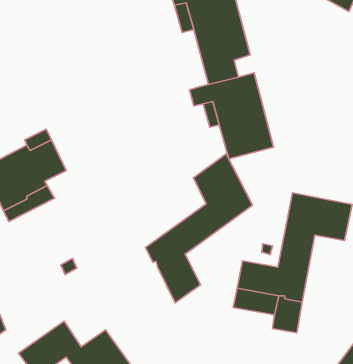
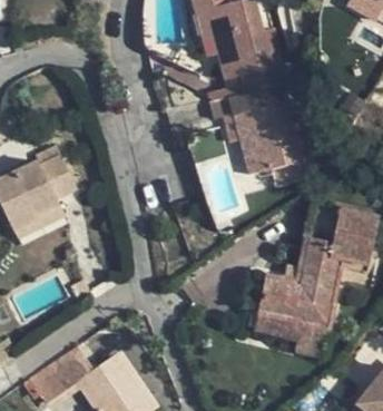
building: [146,154,253,303] -> none

